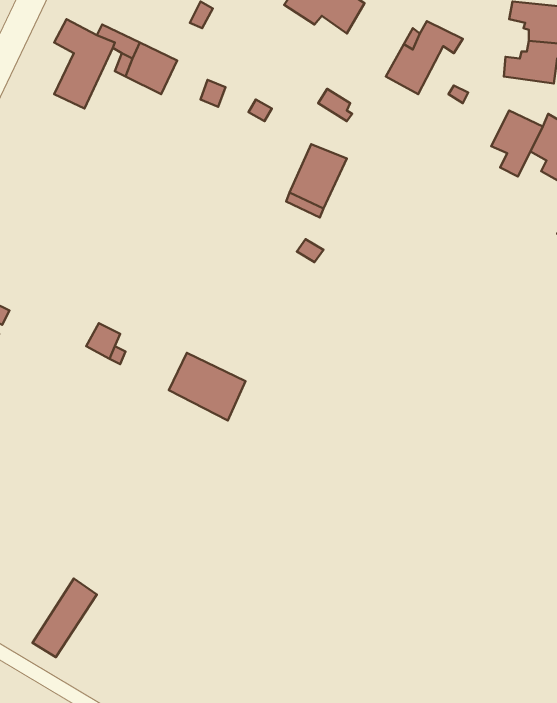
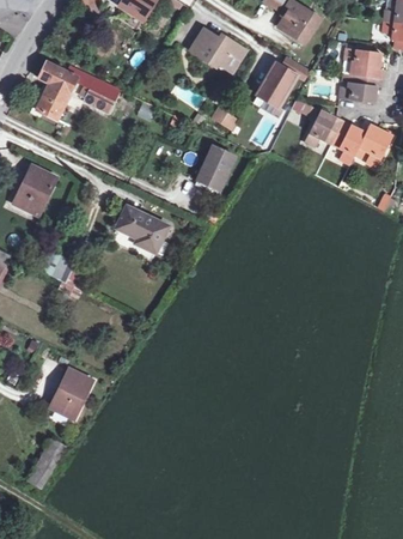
building: none -> [304,110,343,147]
building: none -> [13,165,54,213]
building: [169,353,246,421] -> [117,208,169,254]
building: none -> [48,367,91,417]

